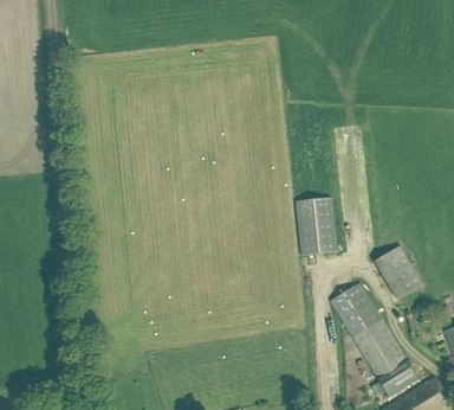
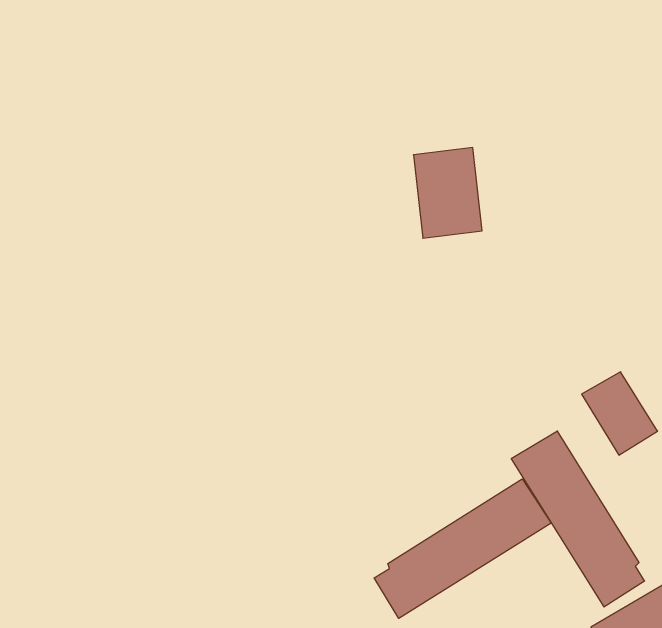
building: [294,197,338,255] -> [413,148,482,238]
building: none -> [374,479,551,618]

